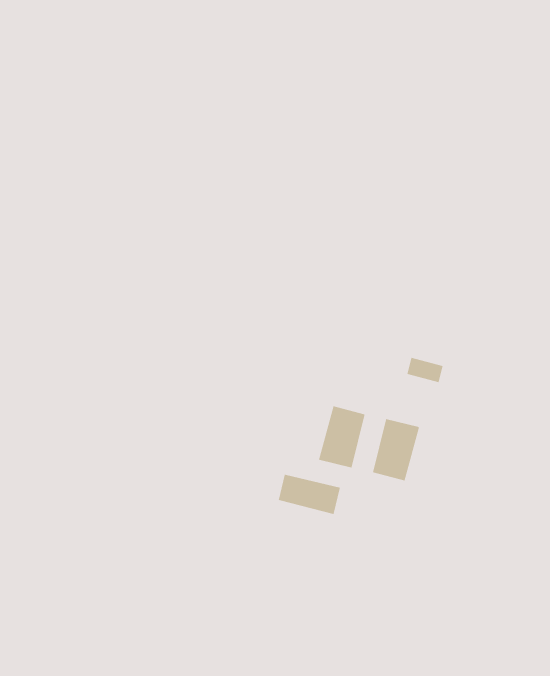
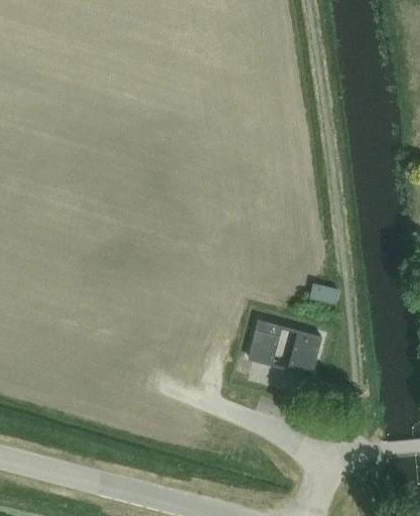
building: [278,474,341,515] -> none

